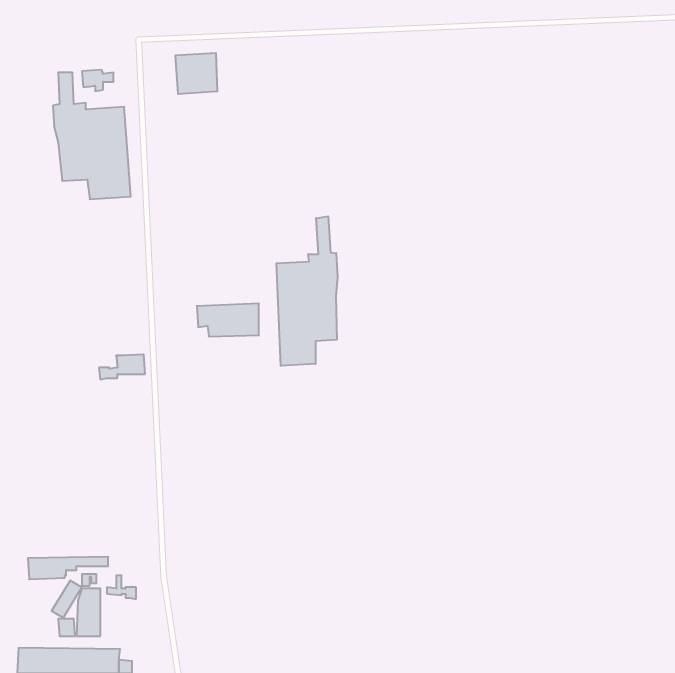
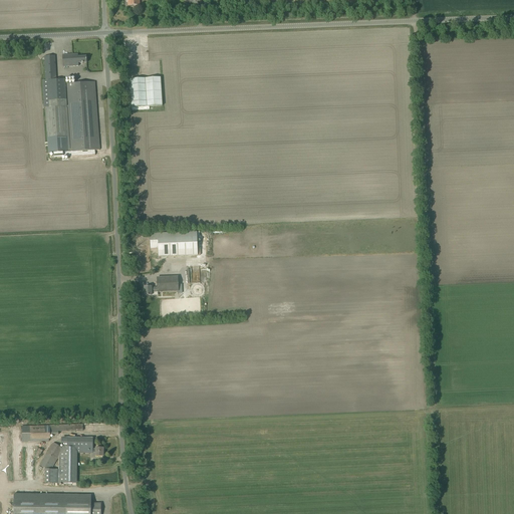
building: [175,53,217,94] -> [130,76,162,107]
building: [277,216,337,366] -> none
building: [99,354,145,379] -> [144,276,179,295]

